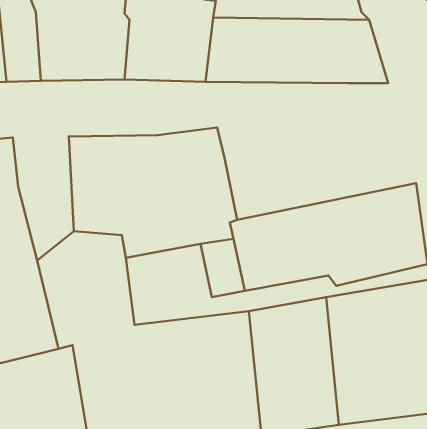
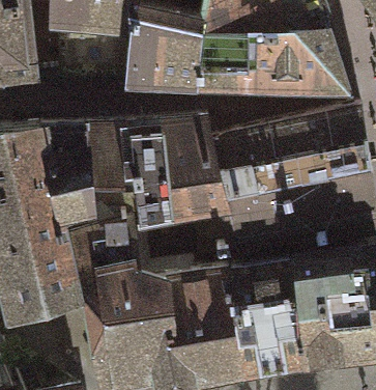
building: none -> [207,107,364,192]
building: none -> [34,123,84,225]

